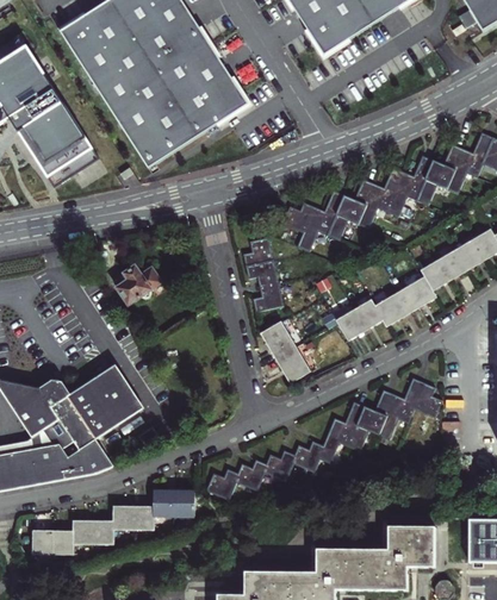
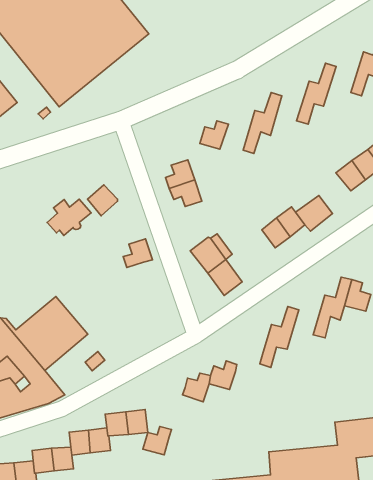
building: [415,144,462,205] -> none
building: [356,168,403,229] -> none
building: [297,190,343,251] -> none
building: none -> [88,185,118,216]
building: [399,270,436,312] -> none
building: [253,283,282,311] -> [123,239,153,268]
building: [348,390,393,451] -> none
building: [292,442,323,473] -> none
building: [206,469,238,499] -> [143,426,172,455]

